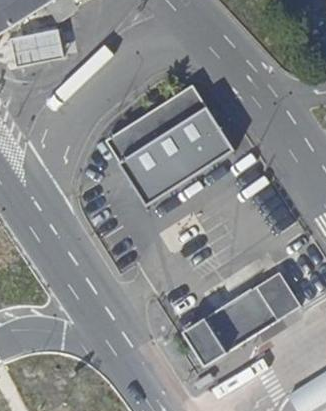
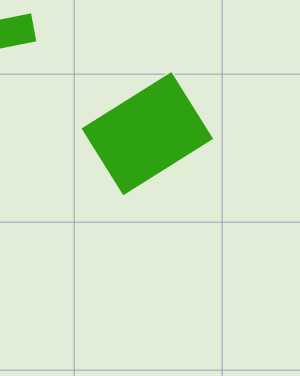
building: [186,271,302,364] -> none

